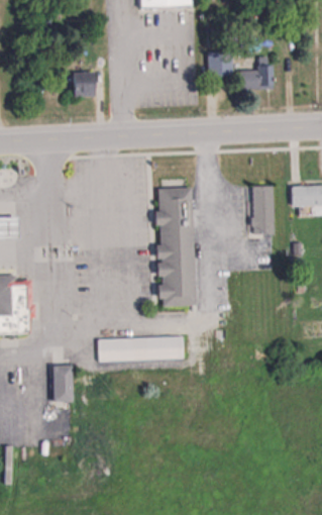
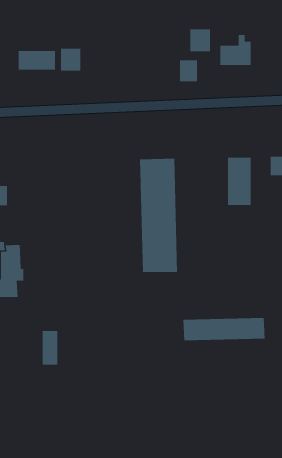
building: none -> [18,50,56,71]
building: none -> [180,59,198,82]
building: [98,336,185,360] -> [182,318,266,341]

